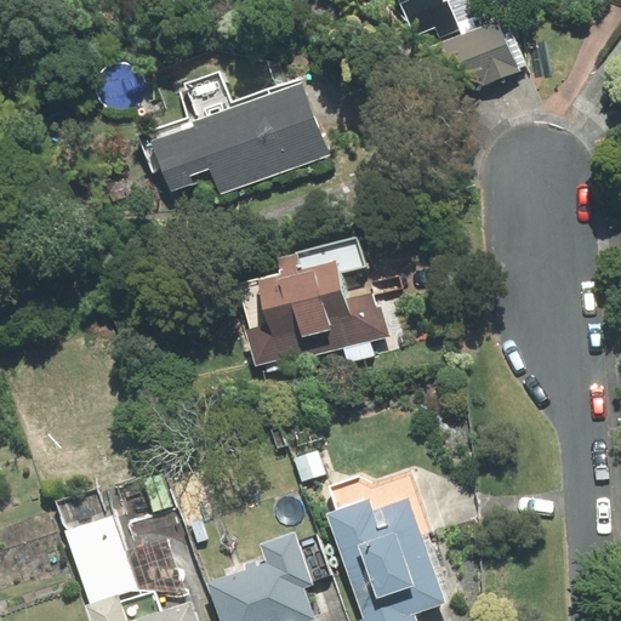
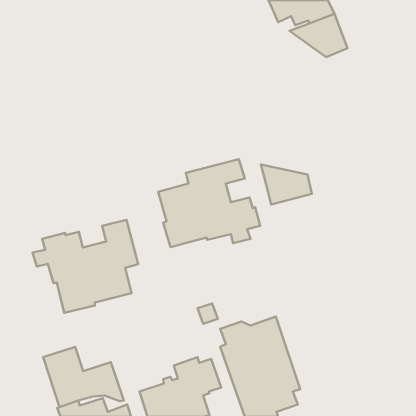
building: [139,72,330,196] -> none
building: none -> [261,165,312,204]
building: none -> [33,220,138,313]

